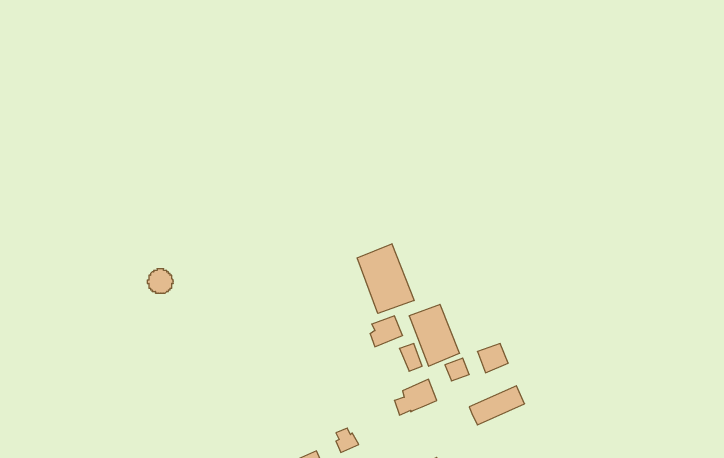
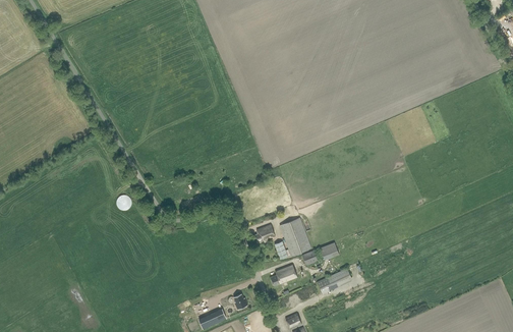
building: [357,244,414,313] -> none

